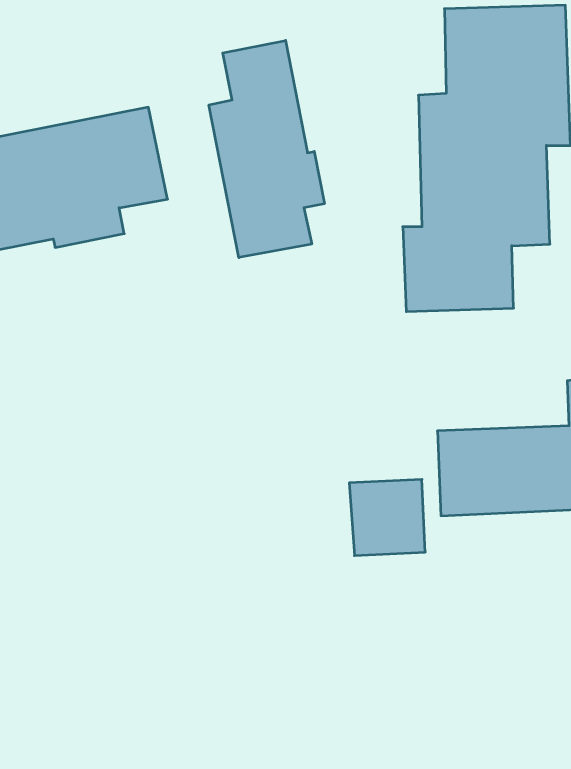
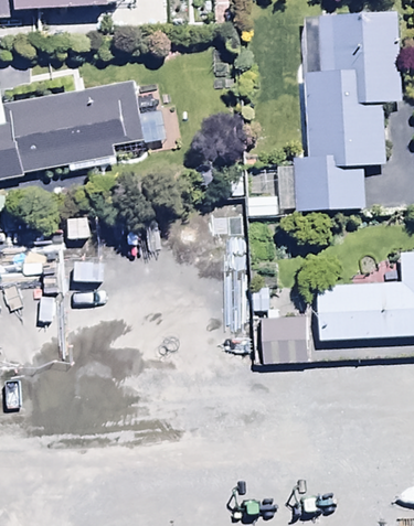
building: [209,40,324,258] -> none

